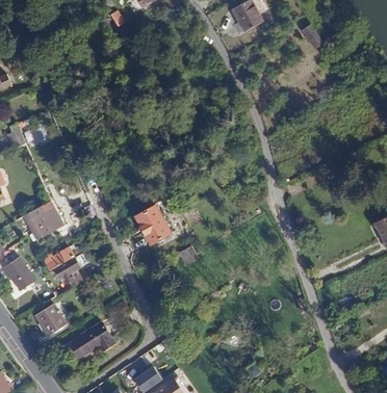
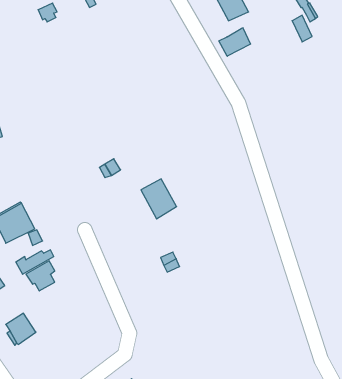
building: none -> [219,28,251,56]
building: [136,207,170,244] -> [141,179,177,219]
building: [67,320,113,359] -> none

